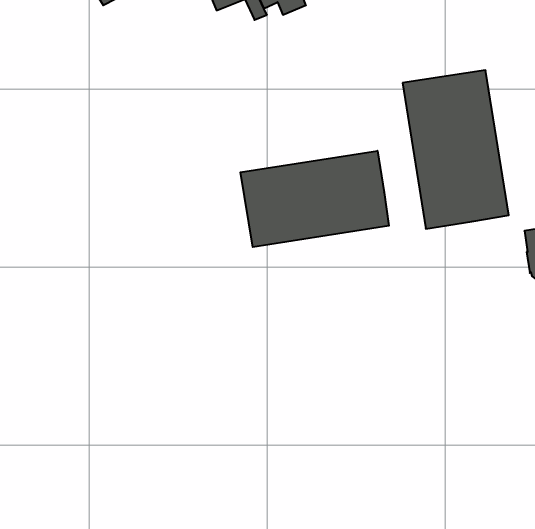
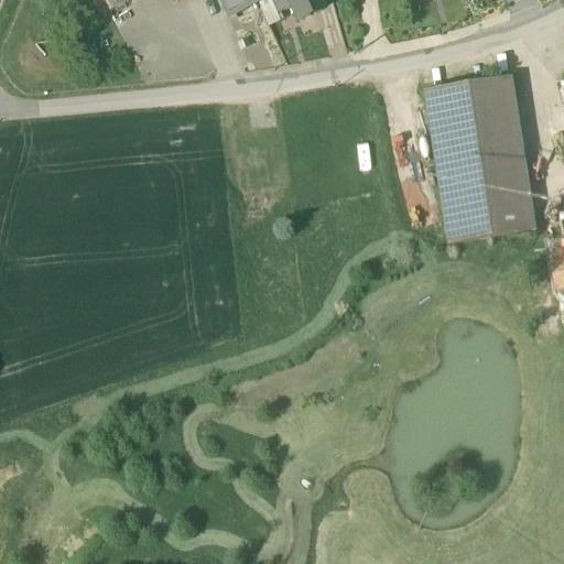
building: [240,151,389,247] -> none

